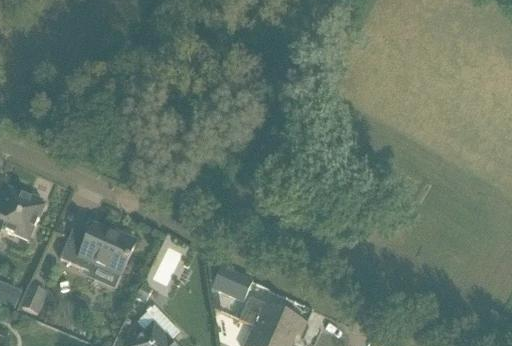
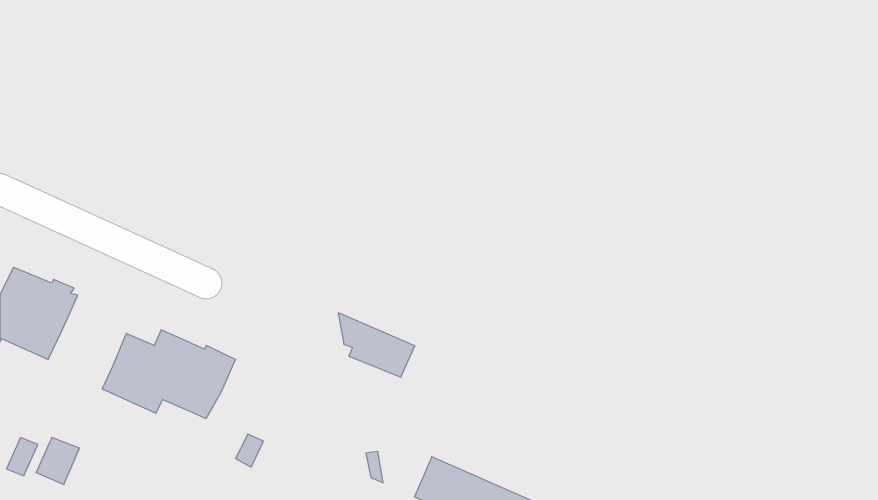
building: [207,260,251,297] -> [338,313,415,377]

